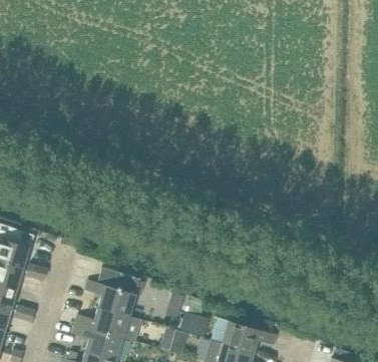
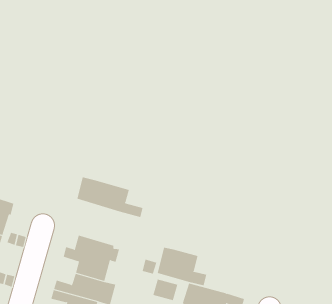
building: none -> [77,176,143,218]
building: none -> [157,247,207,286]

